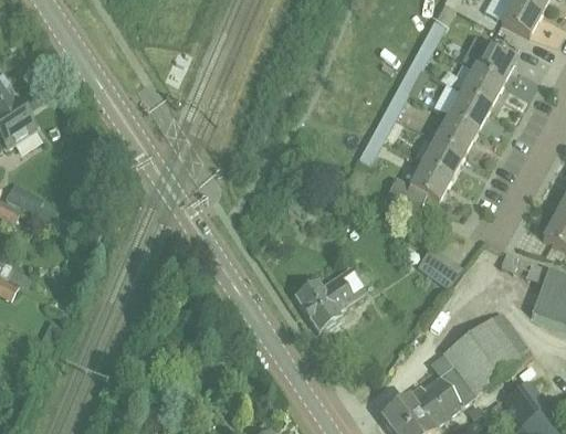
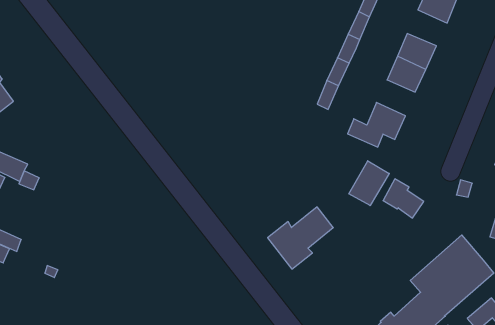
building: [460,66,503,106] -> none
building: [421,138,463,178] -> none
building: none -> [349,161,389,206]

